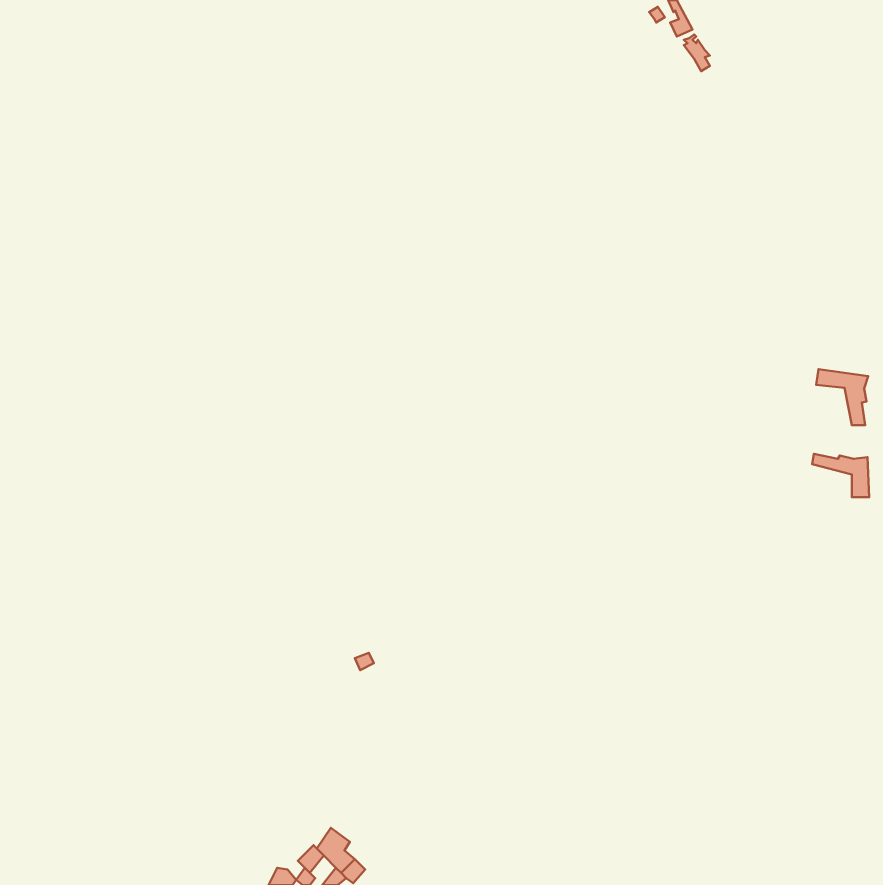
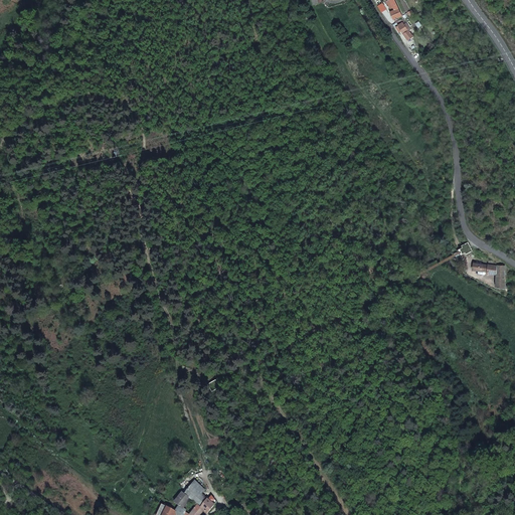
building: [816,369,868,425] -> none

